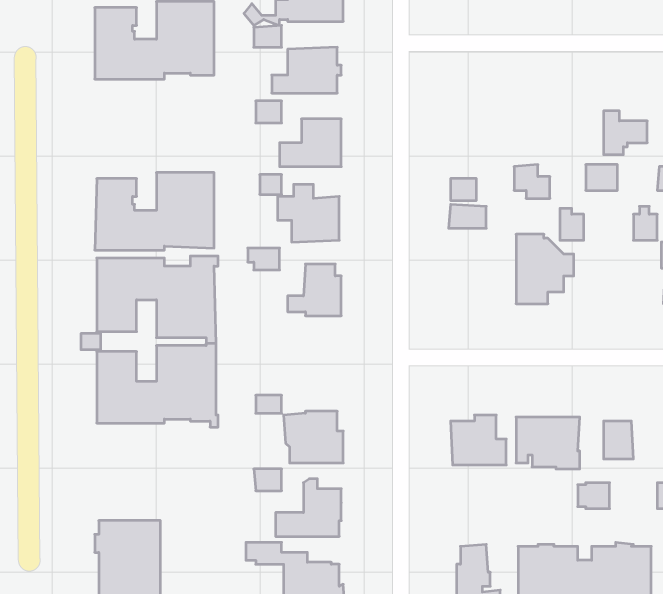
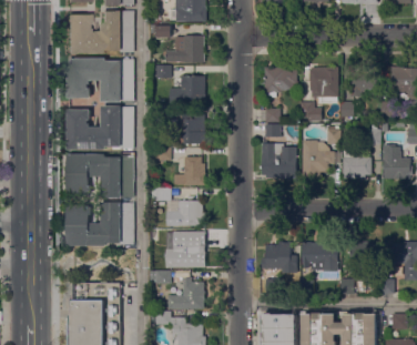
building: none -> [69,58,135,102]
building: none -> [265,68,297,98]
building: none -> [311,68,338,98]
building: none -> [263,141,296,179]
building: none -> [344,150,372,179]
building: none -> [152,189,205,226]

